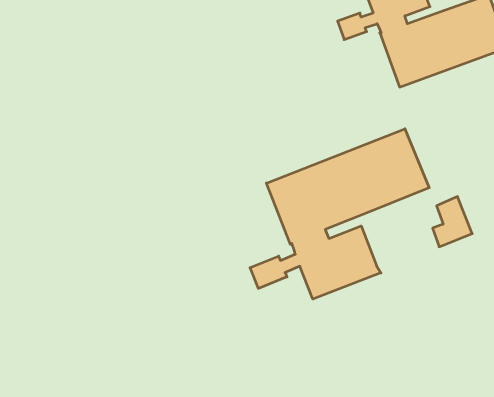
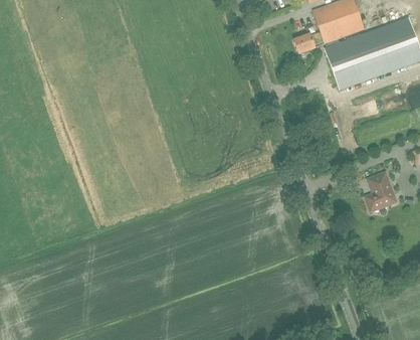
building: [250,129,429,299] -> none

